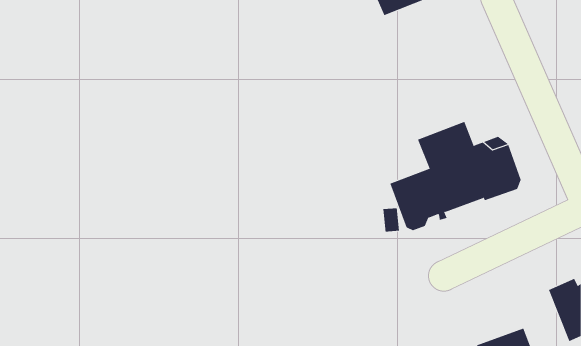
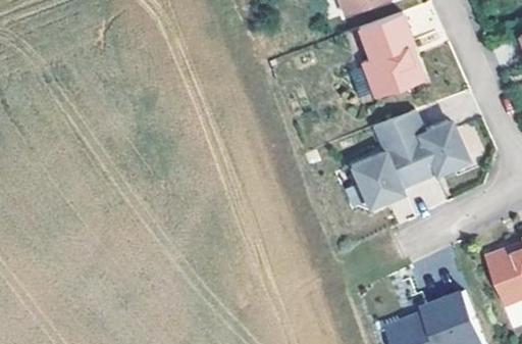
building: none -> [358,11,423,98]

